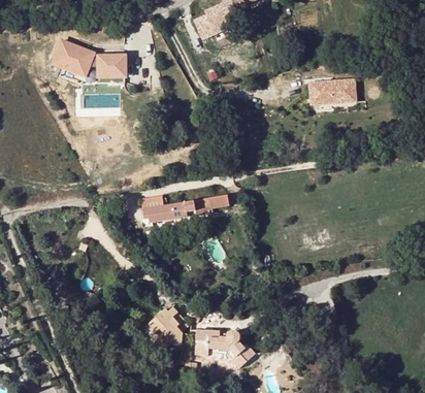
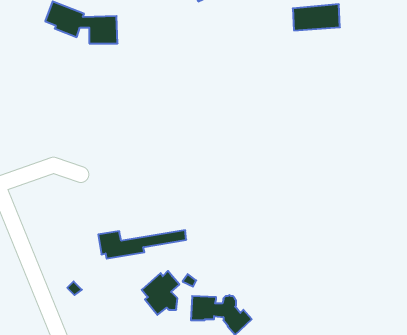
building: [308,78,355,104] -> [293,4,340,30]
building: [142,194,229,222] -> [98,230,186,259]

